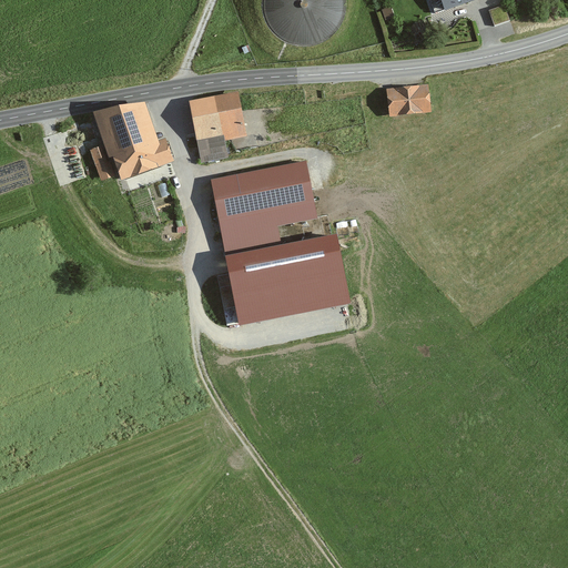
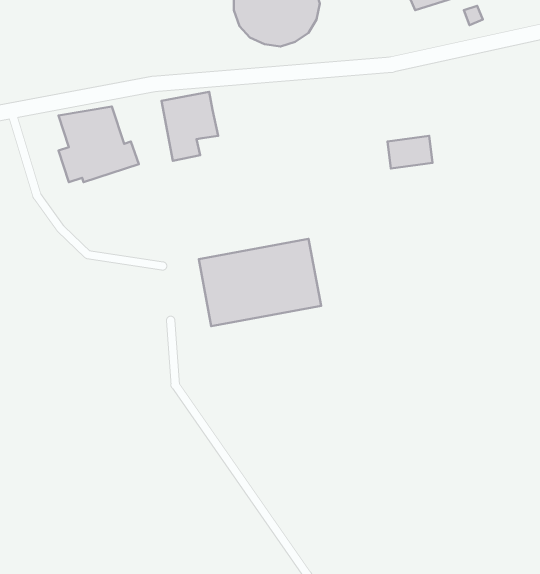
building: [382,85,426,118] -> [387,136,433,168]
building: [212,160,315,247] -> none

